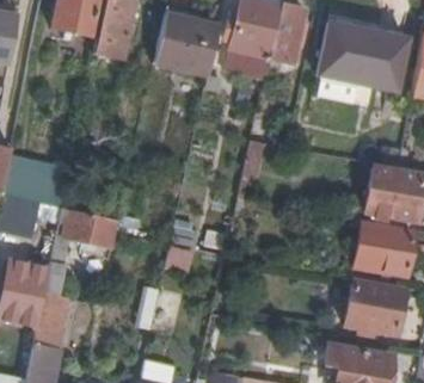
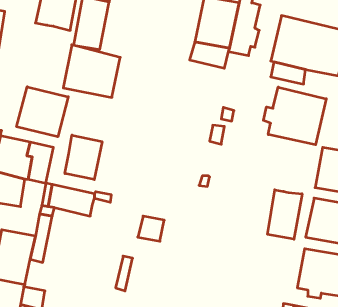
building: [154,14,219,74] -> [63,45,120,97]
building: none -> [17,87,68,137]
building: none -> [263,87,326,145]
building: none -> [65,135,102,180]
building: none -> [268,190,302,239]

